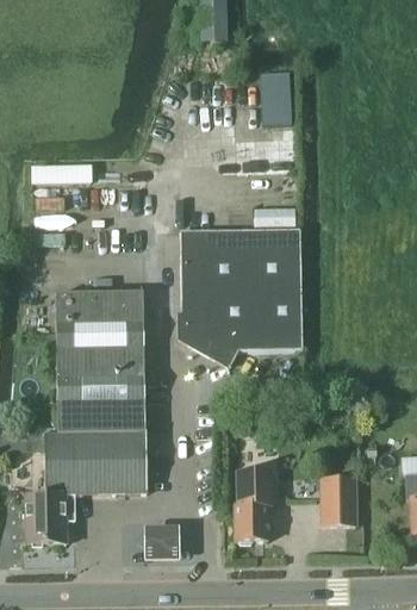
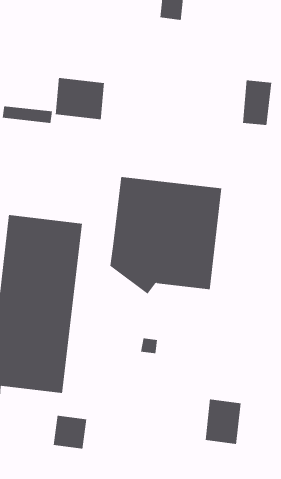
building: [259,71,291,124] -> [242,80,272,126]
building: none -> [55,77,104,120]
building: [232,469,270,544] -> none

